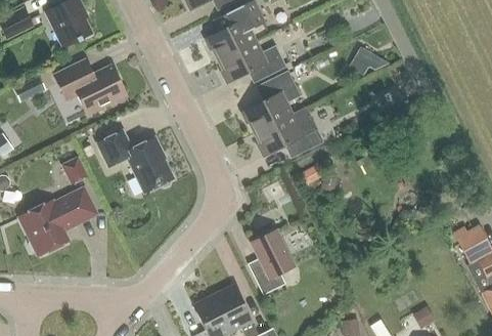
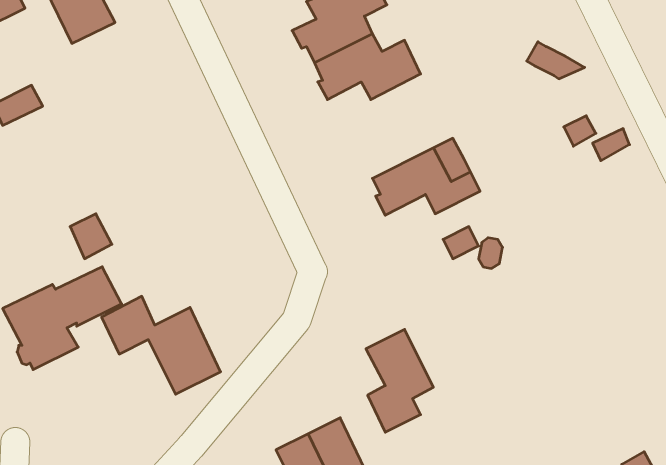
building: [54,65,127,115] -> none
building: [241,71,301,133] -> none
building: [98,130,174,193] -> [102,296,221,394]

